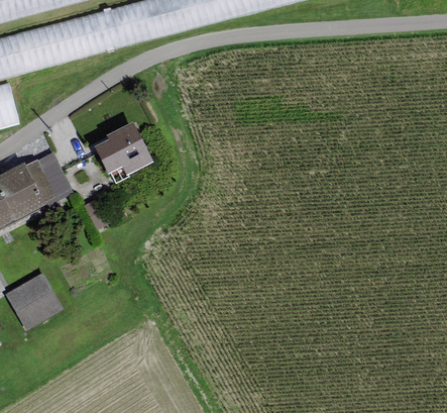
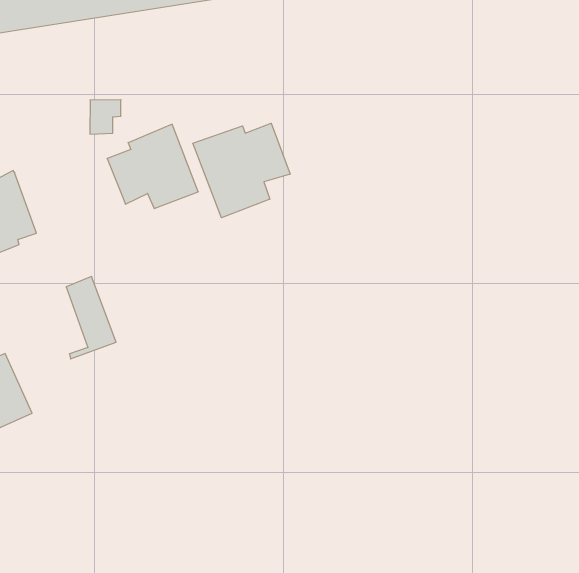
building: none -> [193,123,290,218]
building: [36,149,71,202] -> [66,276,116,359]

